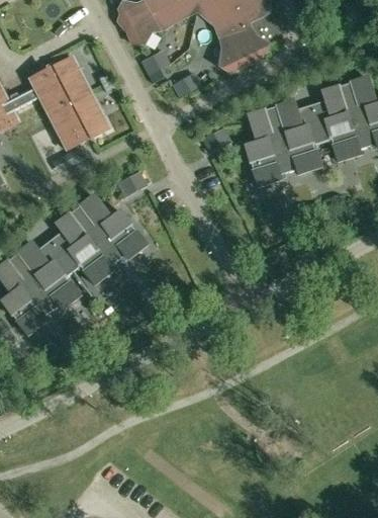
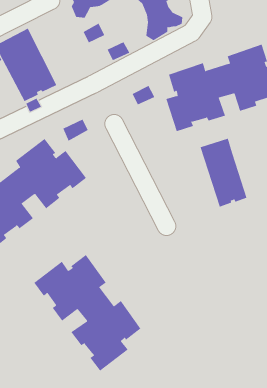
building: none -> [200,138,247,207]
building: none -> [33,254,141,371]

